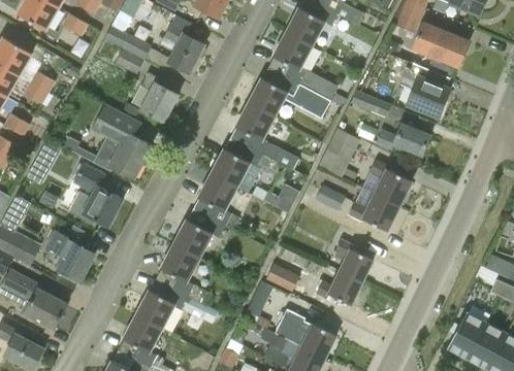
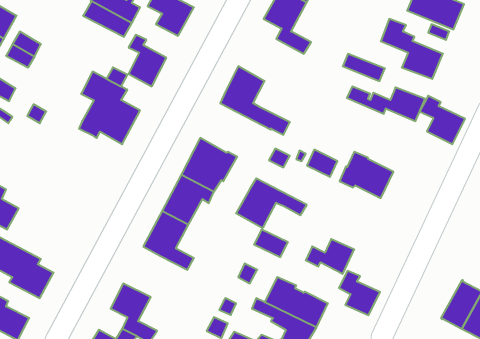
building: [248,67,330,117] -> none
building: [318,128,358,175] -> none
building: [211,138,280,187] -> [236,178,307,228]
building: [367,158,412,205] -> [420,96,465,144]
building: [68,162,123,226] -> none
building: [43,229,94,280] -> none
building: [332,238,373,281] -> [339,271,380,315]
building: [135,288,215,328] -> none

